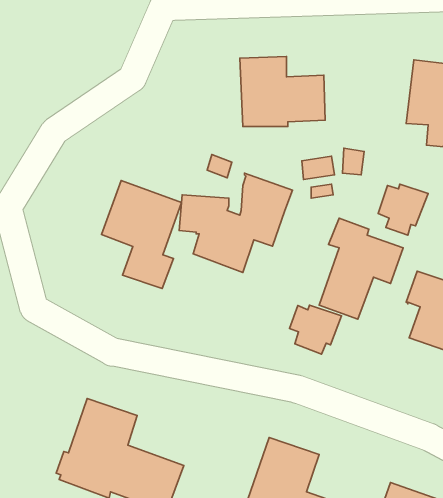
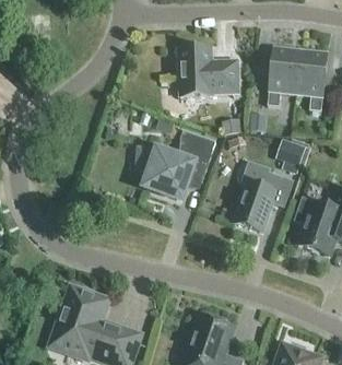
building: none -> [268,46,300,106]
building: [102,181,182,289] -> none
building: [290,305,342,354] -> none

